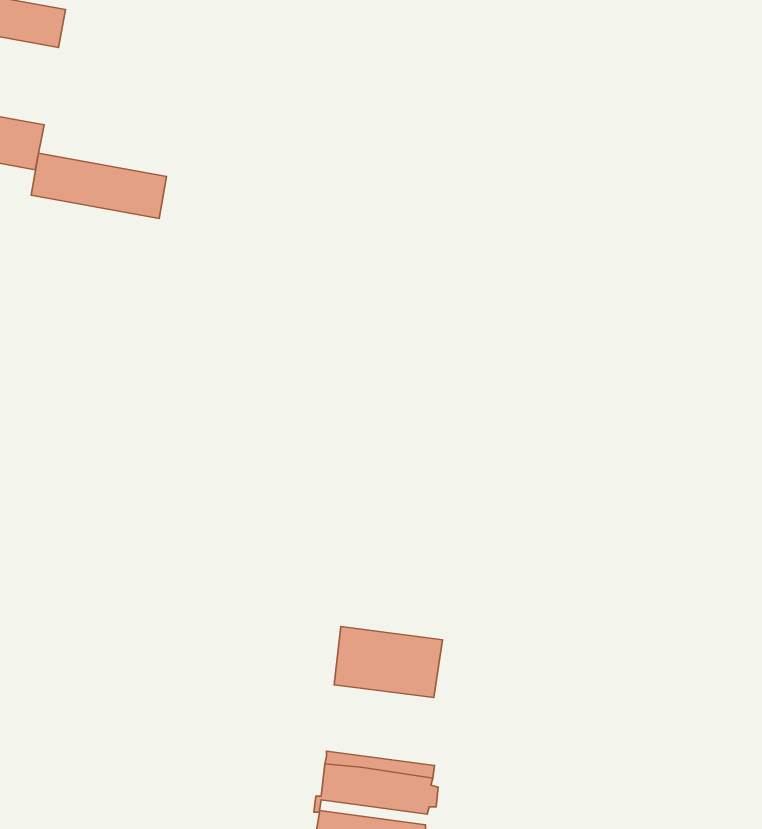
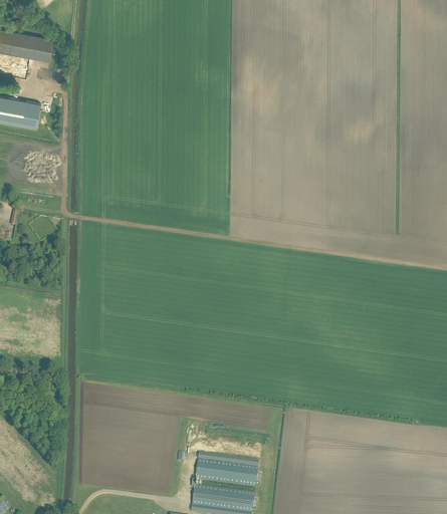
building: [31,153,166,219] -> none
building: [334,626,442,698] -> none

